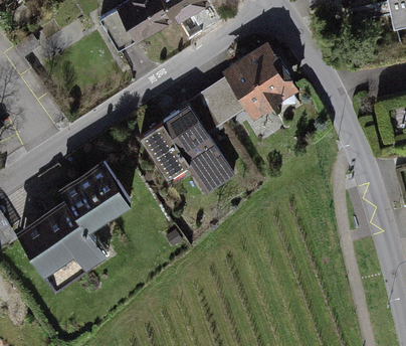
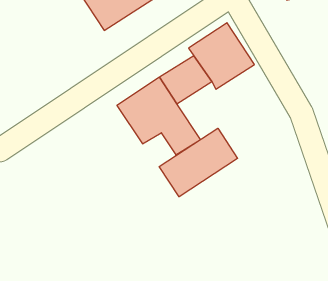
building: [17,157,133,290] -> none
building: none -> [159,128,238,197]

